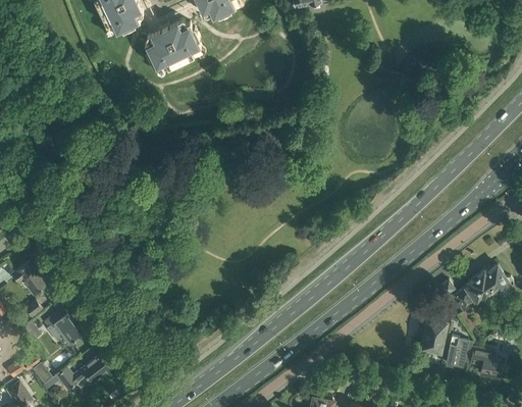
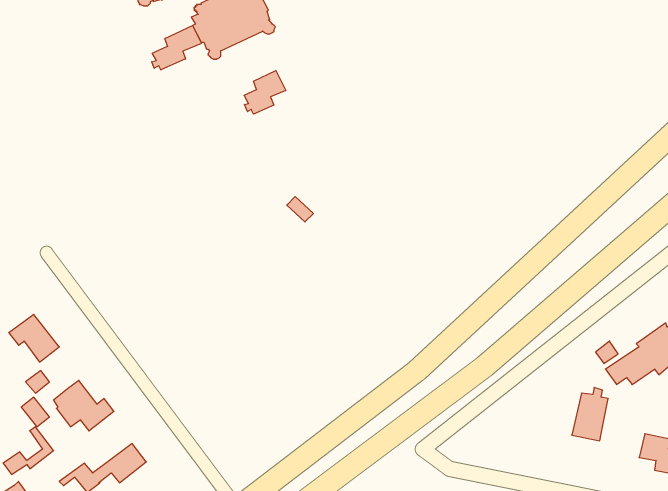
building: none -> [152,25,201,70]
building: none -> [244,71,286,114]
building: [446,338,472,367] -> none

